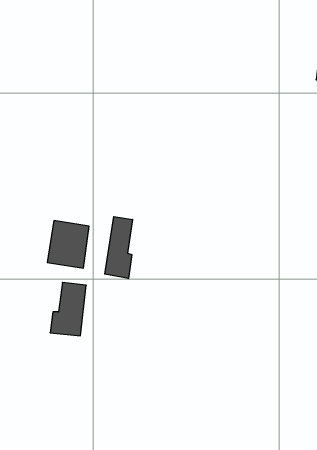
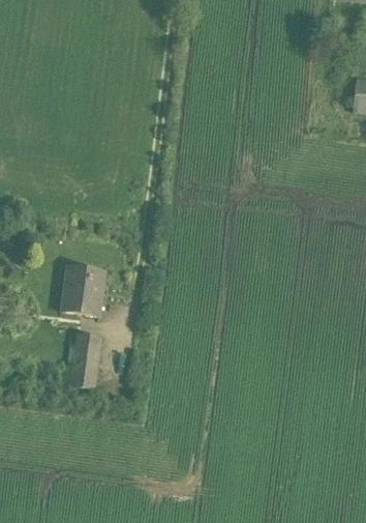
building: [105,217,133,279] -> none

